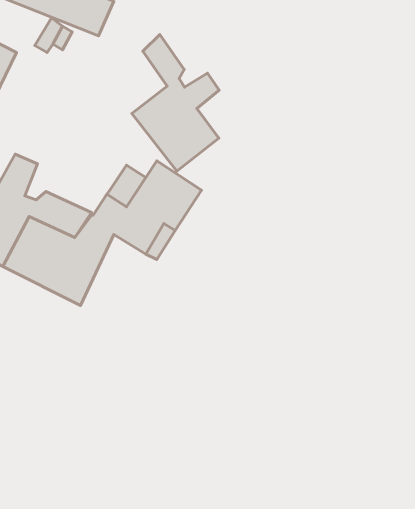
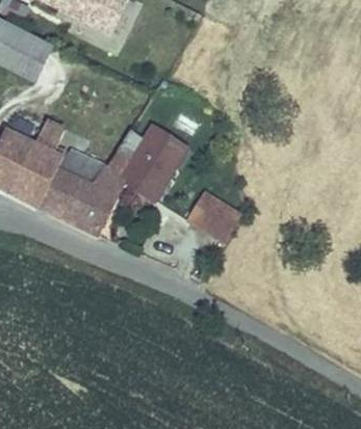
building: [132,35,219,171] -> none
building: none -> [188,192,240,241]

